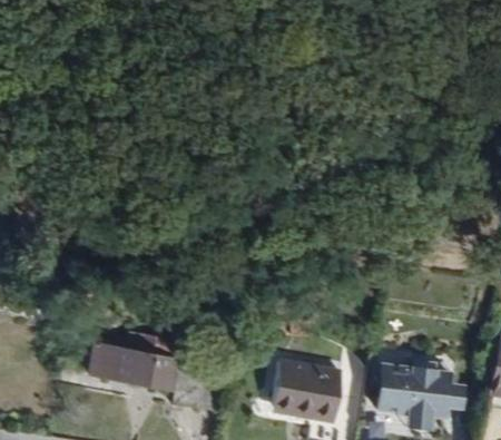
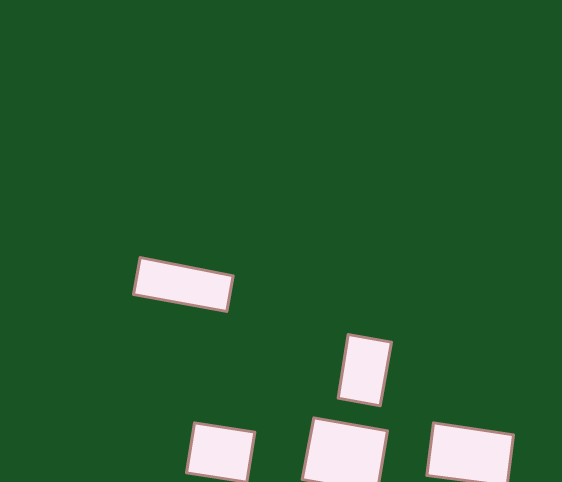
building: none -> [338,334,391,406]
building: [89,343,174,389] -> [133,258,233,311]

